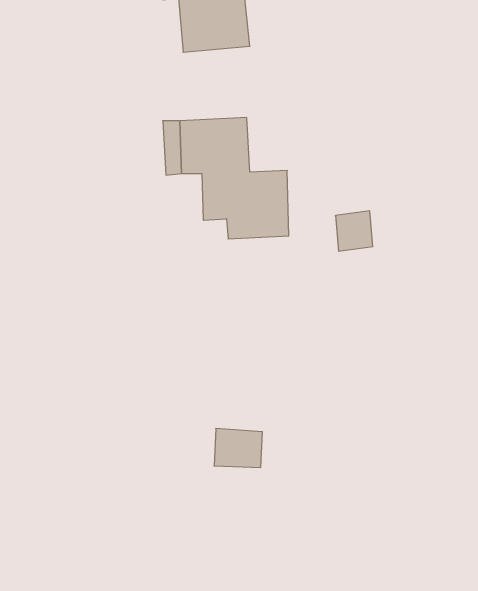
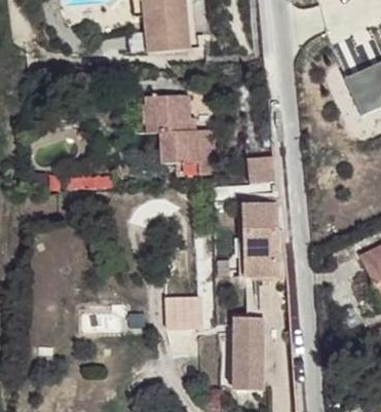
building: none -> [244,202,277,277]
building: none -> [235,317,264,391]

